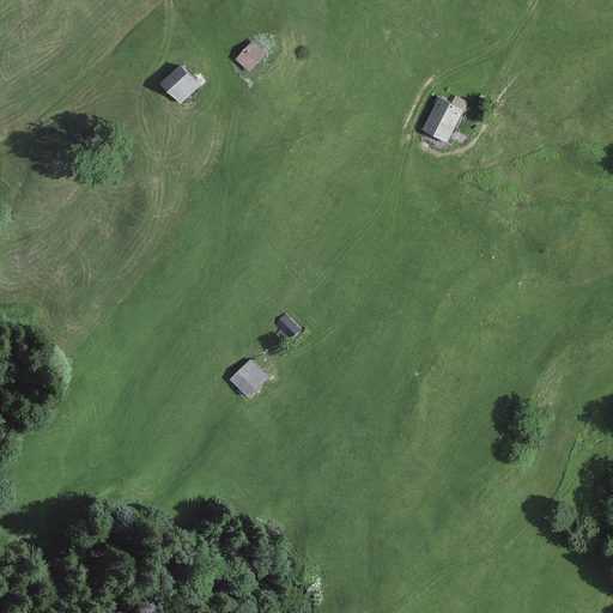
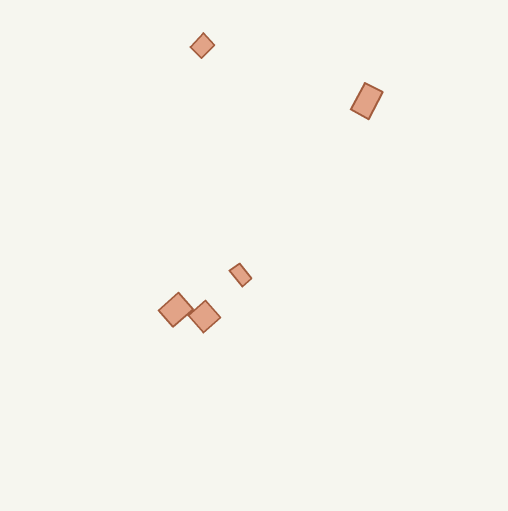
building: [157,61,198,102] -> none
building: none -> [159,293,193,327]

